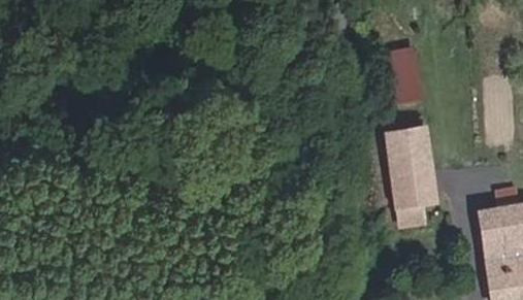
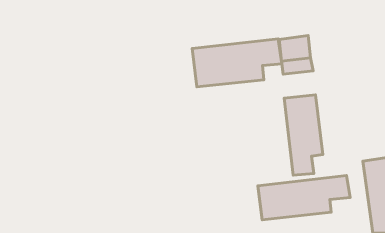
building: none -> [192,39,282,87]
building: none -> [258,175,350,220]

